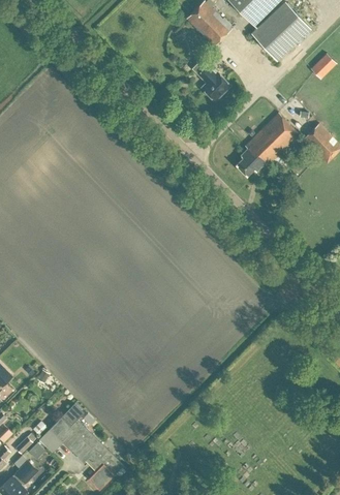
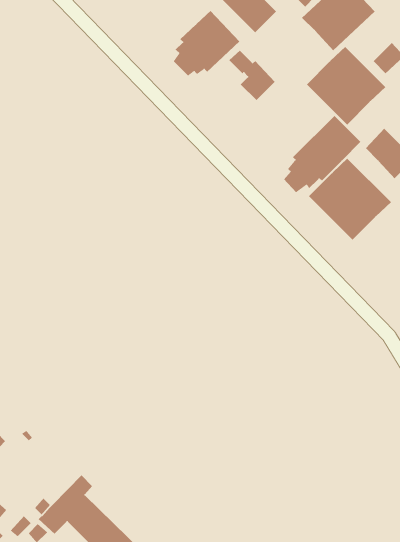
building: none -> [173,10,240,76]
building: none -> [306,46,386,125]
building: none -> [308,158,392,241]

